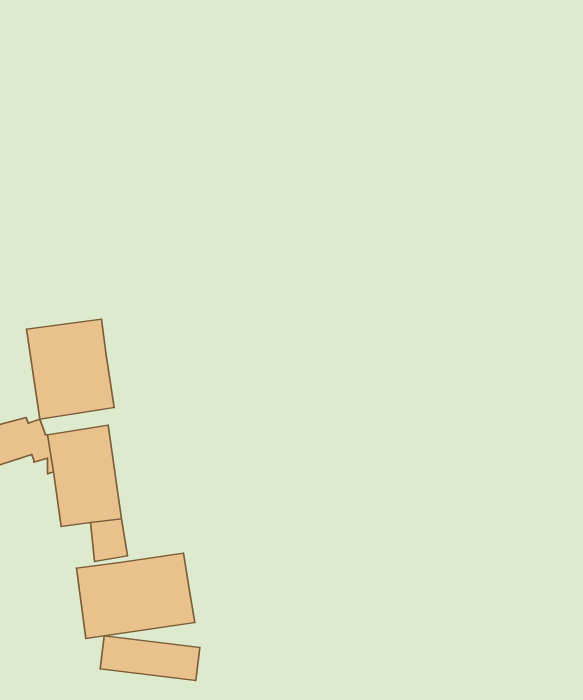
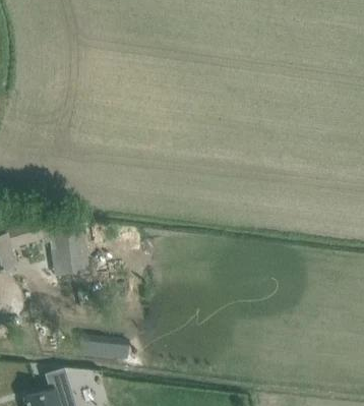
building: [27,319,114,419] -> none
building: [77,553,195,638] -> none

